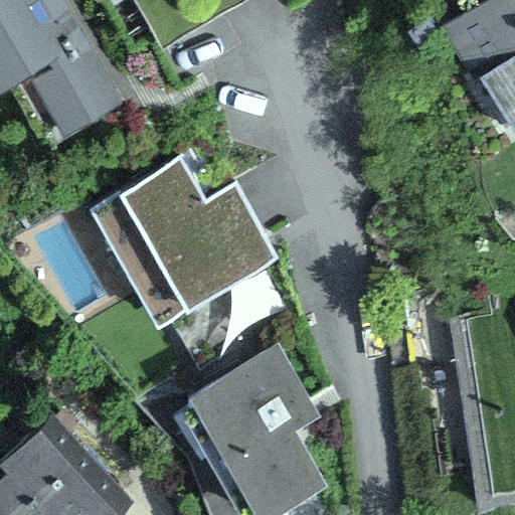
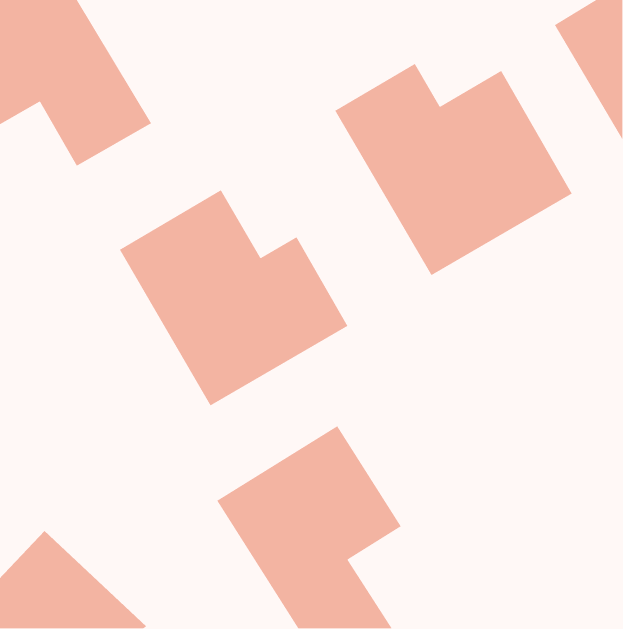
building: none -> [334,63,573,276]

